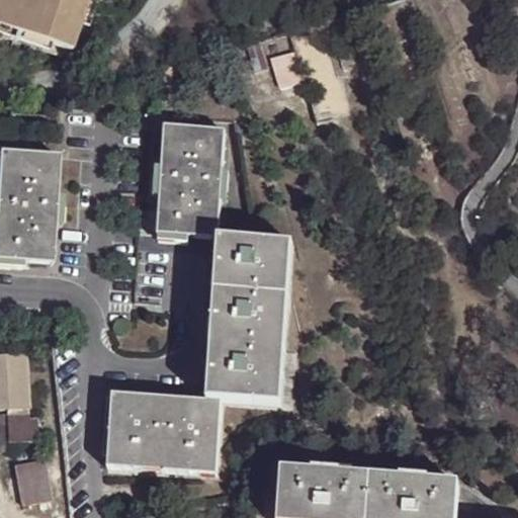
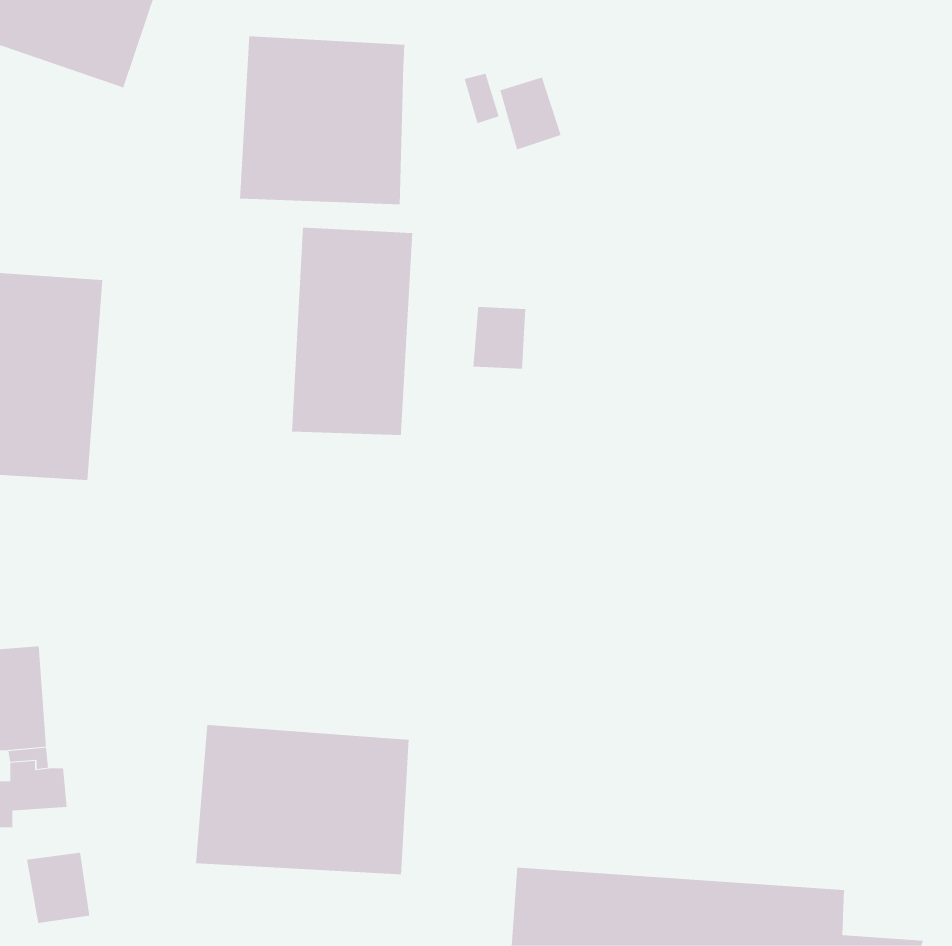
building: none -> [239,36,405,205]
building: none -> [473,306,526,370]
building: [205,233,294,404] -> none

